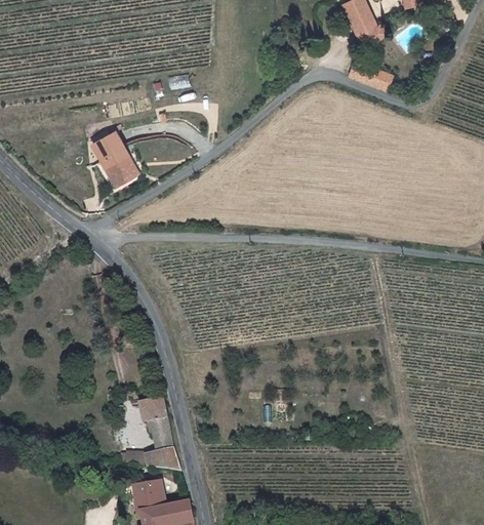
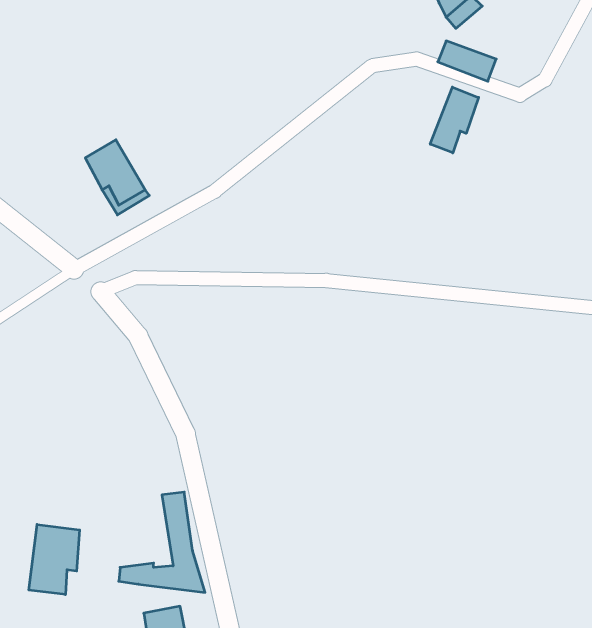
building: none -> [430,87,479,153]
building: none -> [29,524,80,595]

